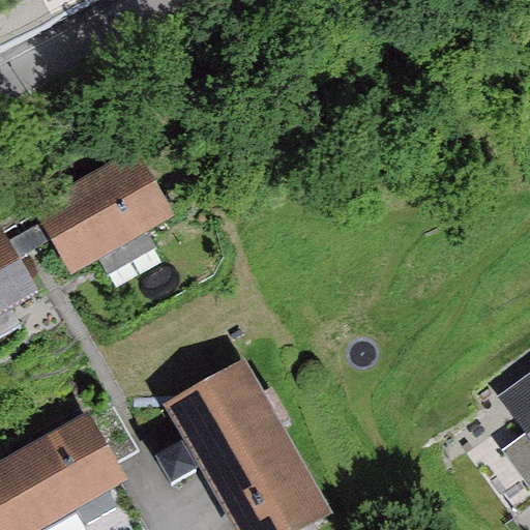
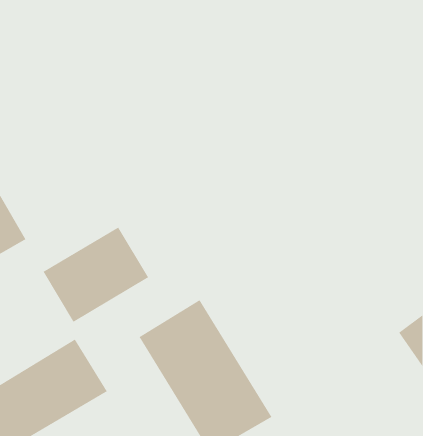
building: [45,153,174,270] -> [42,226,149,323]

